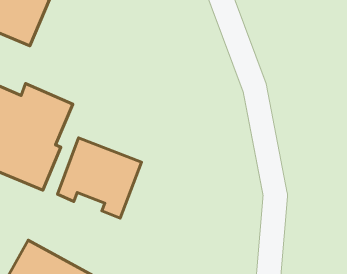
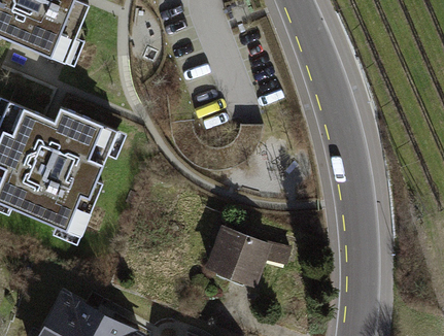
building: [58,138,141,218] -> none
building: none -> [208,228,266,283]

